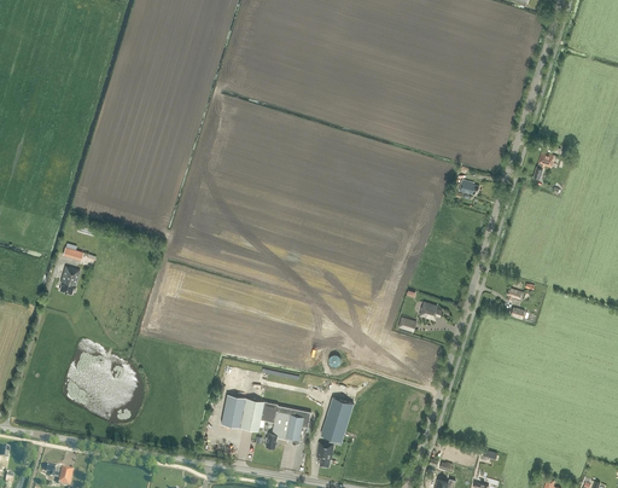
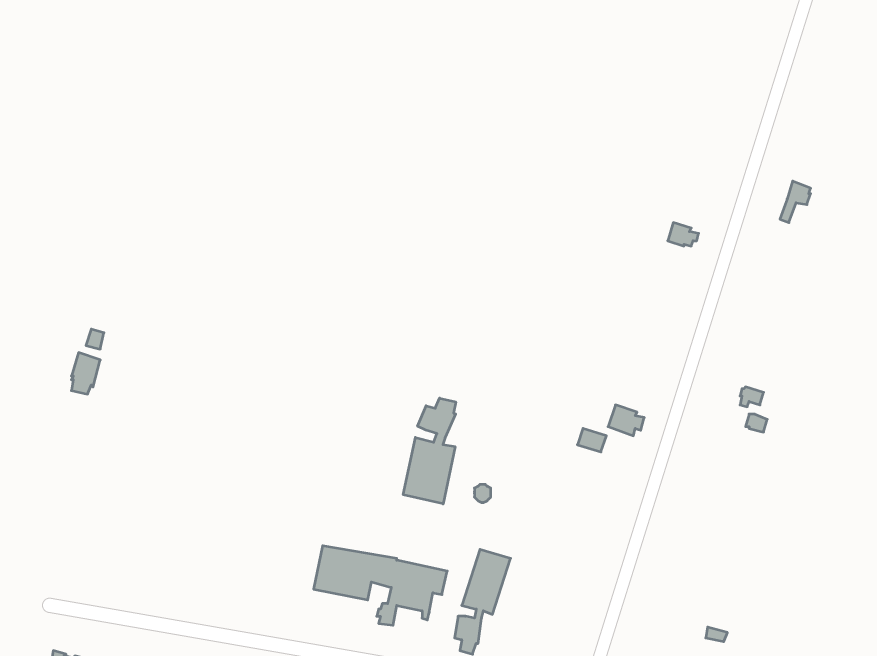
building: none -> [403,398,456,504]

